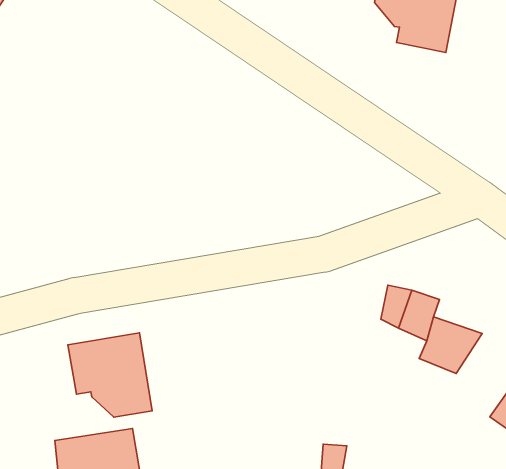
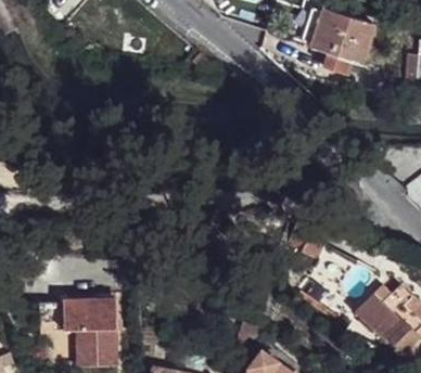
building: [68,333,152,417] -> none

